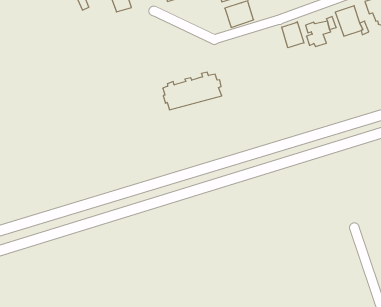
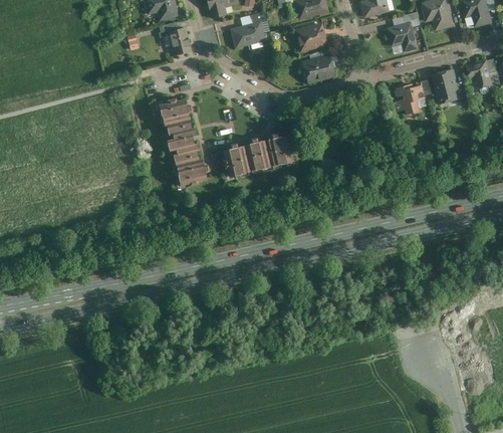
building: [282,22,304,48] -> none
building: none -> [159,96,207,187]

